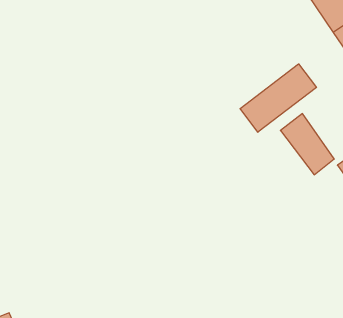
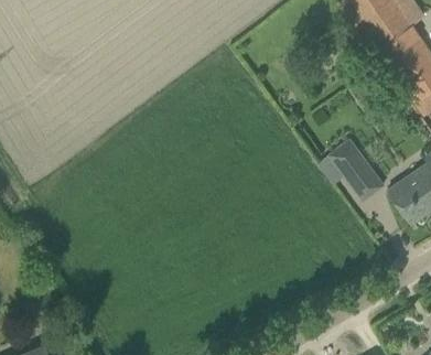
building: [240,64,316,132] -> none

